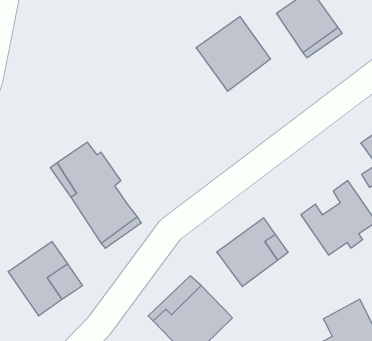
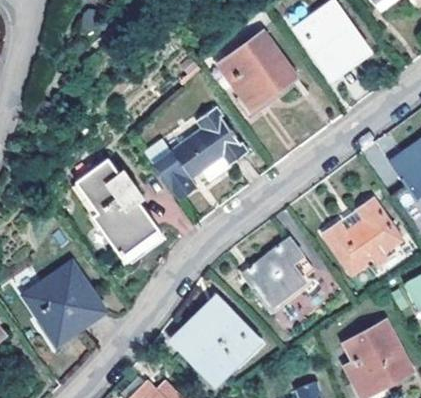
building: none -> [153,107,246,200]

